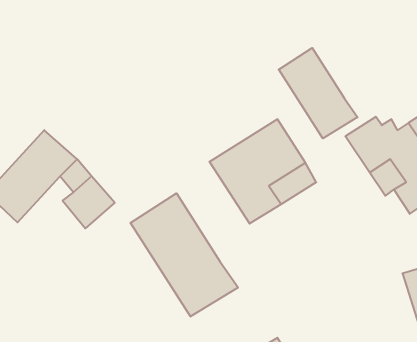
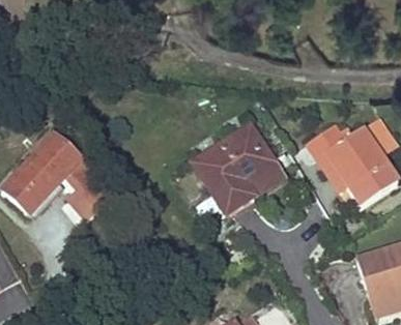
building: [279,48,358,138] -> none
building: [131,193,238,317] -> none

